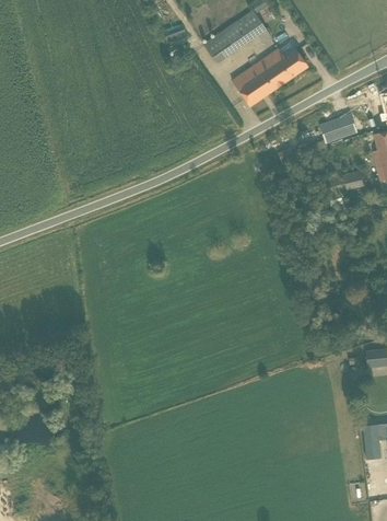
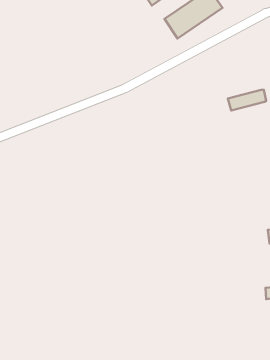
building: [319,114,356,142] -> none

